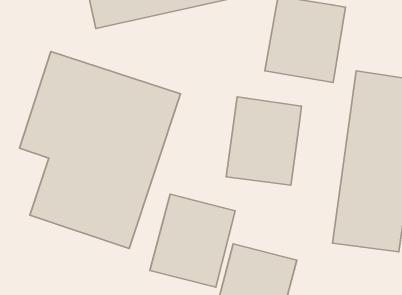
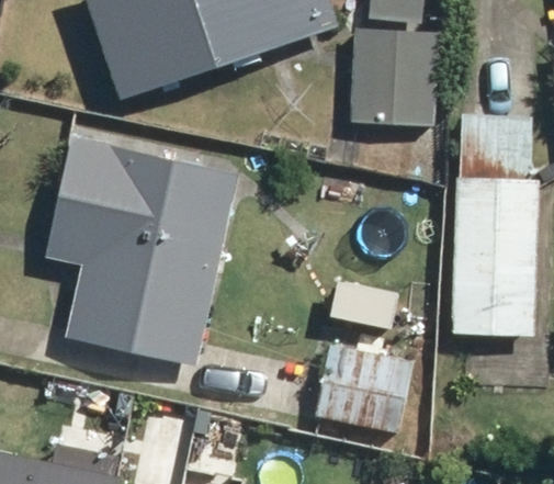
building: [226,97,302,185] -> none
building: [150,194,235,287] -> none

